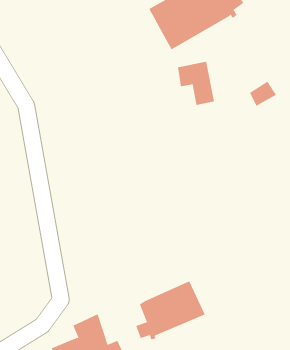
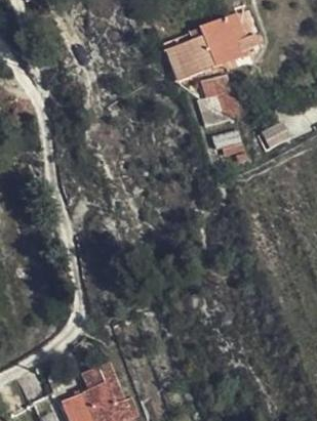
building: [136,280,205,340] -> none

